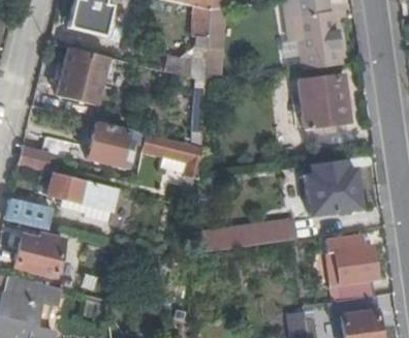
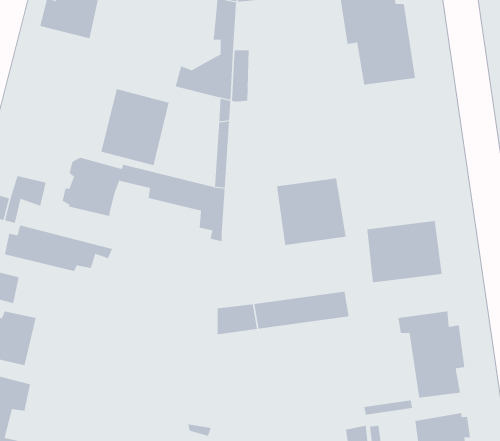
building: [58,47,108,103] -> [101,88,170,166]
building: [300,76,351,126] -> [276,178,347,245]

